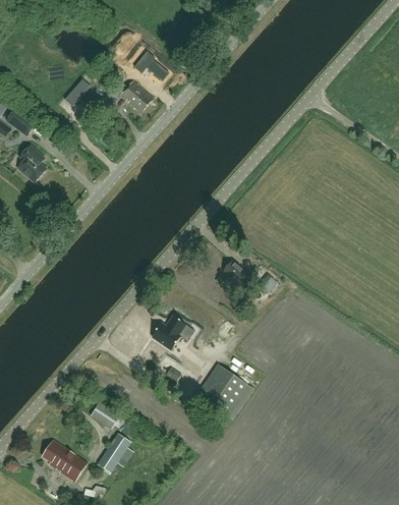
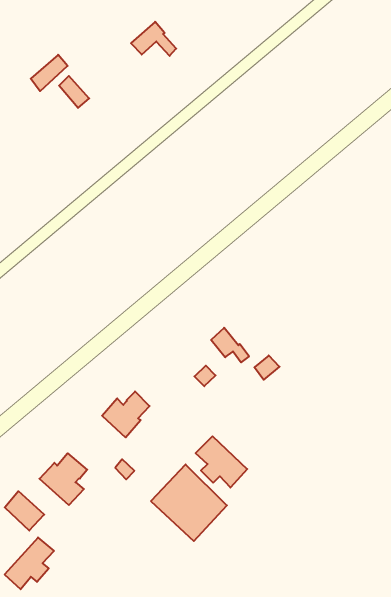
building: [120,81,153,113] -> none
building: none -> [196,436,247,488]
building: none -> [39,453,87,505]

